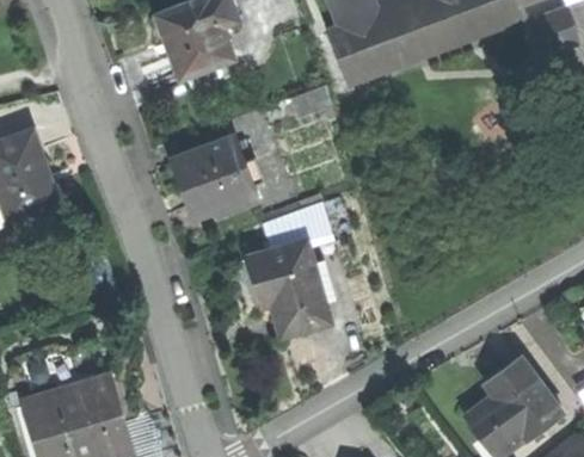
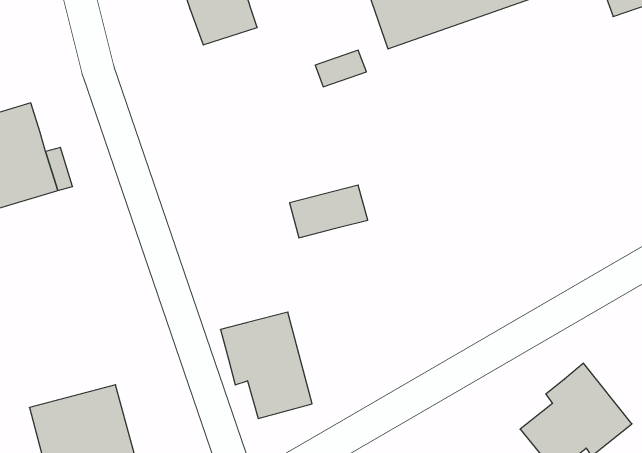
building: [173,141,264,215] -> none
building: [247,241,328,335] -> [220,312,312,419]

